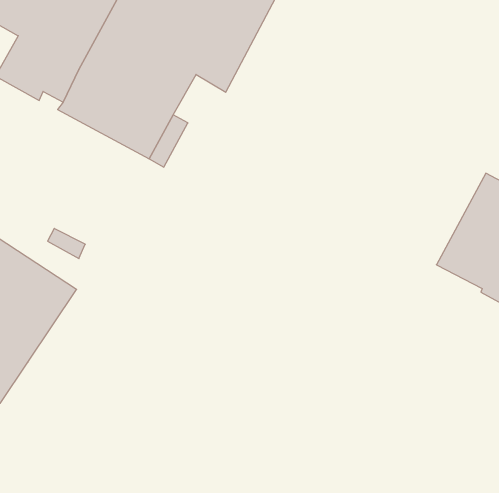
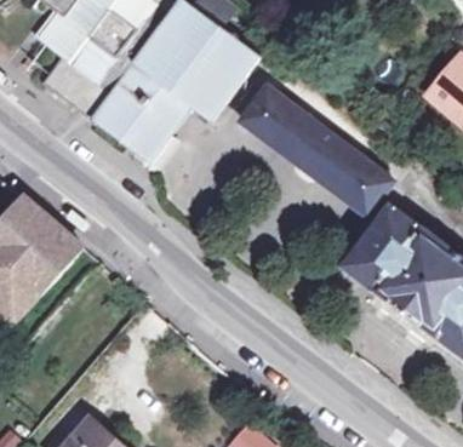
building: none -> [240,85,391,214]

